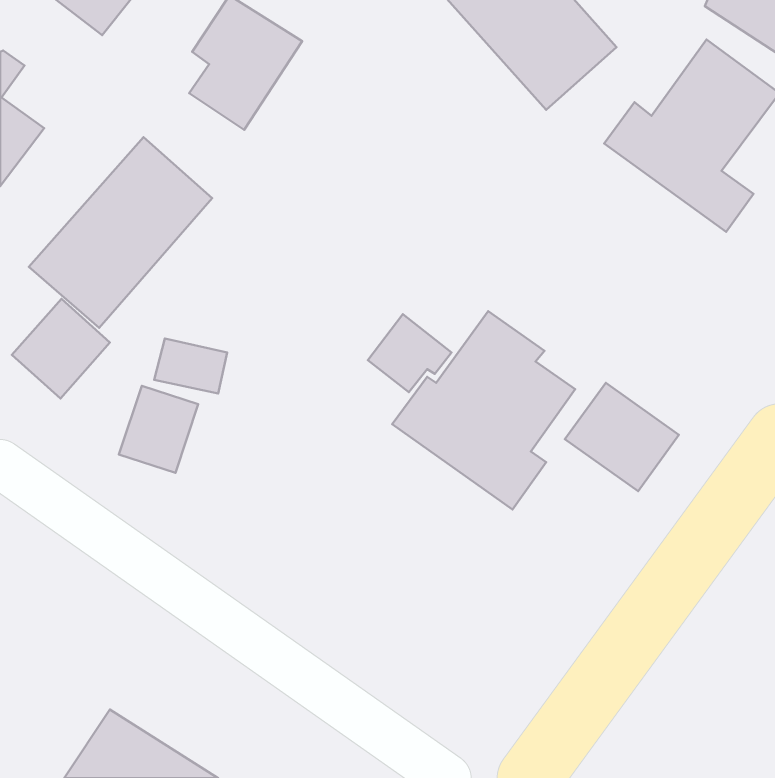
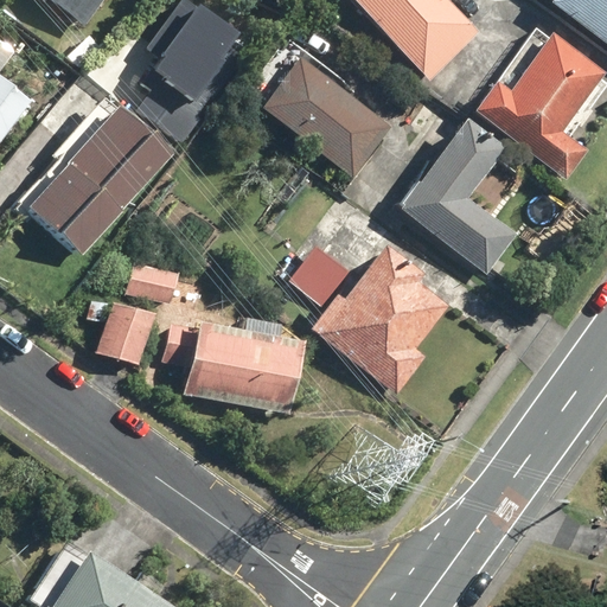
building: none -> [261,57,390,175]
building: none -> [400,116,520,275]
building: [12,299,110,399] -> none
building: [565,383,679,491] -> none
building: none -> [184,319,307,415]

